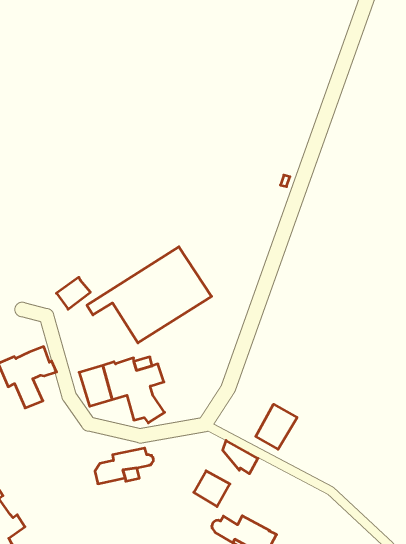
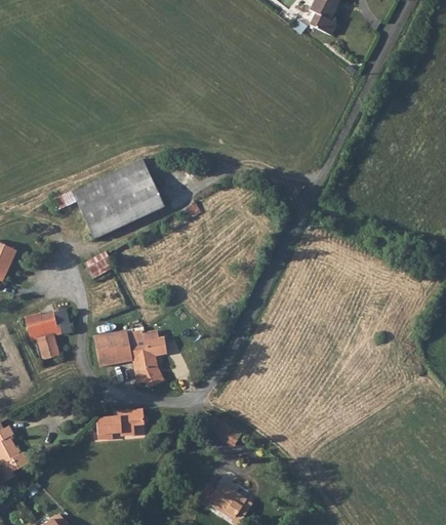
building: [87,247,212,343] -> [54,159,164,238]
building: [256,404,297,449] -> none
building: [194,471,230,507] -> none

